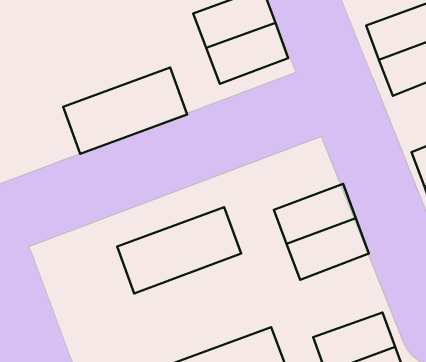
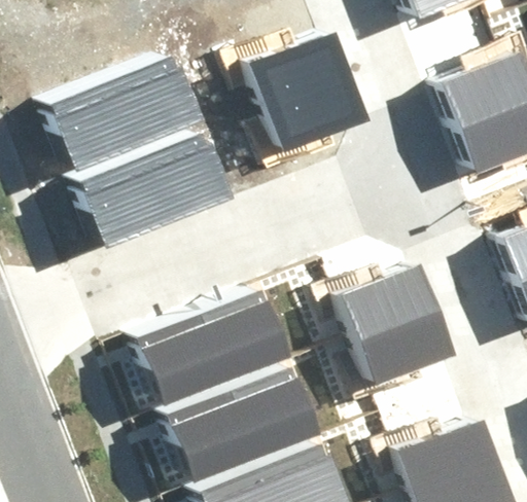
building: none -> [46,60,197,164]
building: none -> [174,370,324,474]

